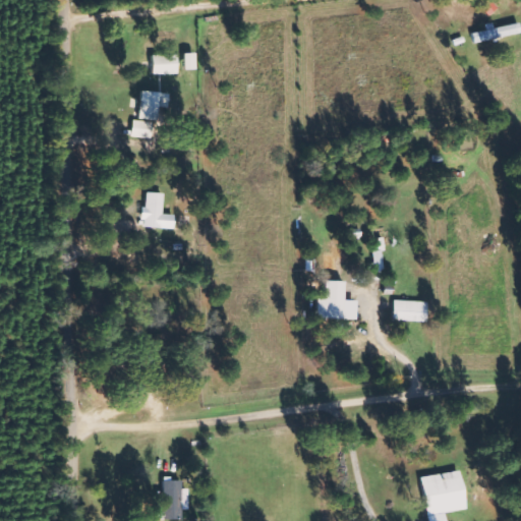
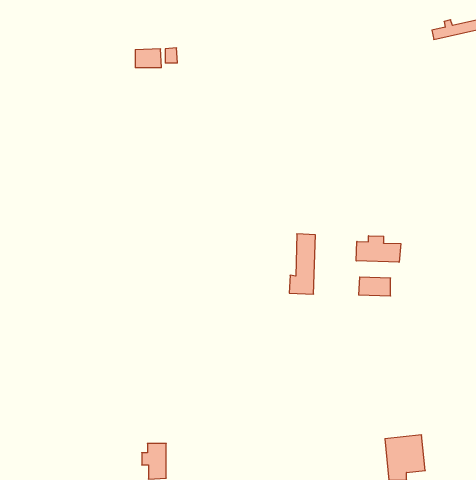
building: [132,92,159,136] -> none
building: [143,191,175,228] -> none
building: none -> [356,236,401,262]

